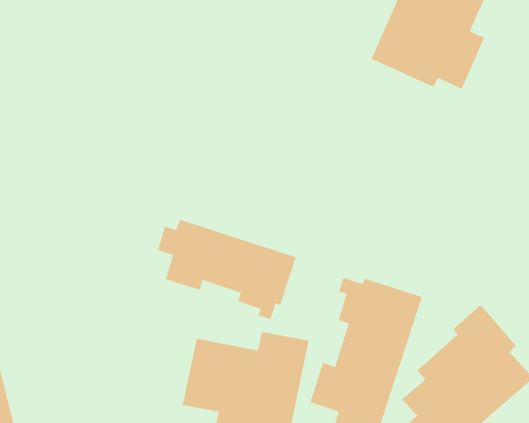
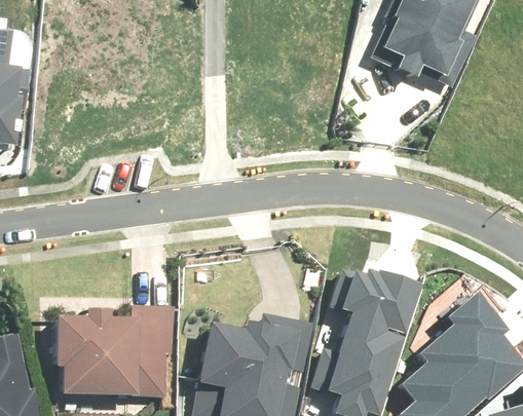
building: [157,219,297,320] -> none
building: none -> [52,308,181,395]

